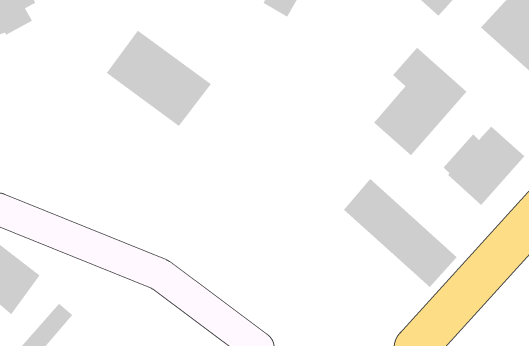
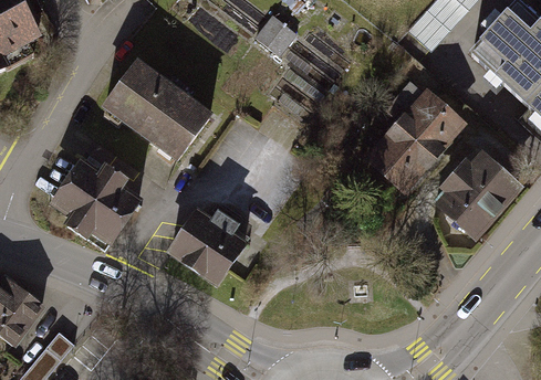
building: none -> [55,160,141,246]
building: none -> [173,204,247,284]
building: [343,178,457,288] -> none

